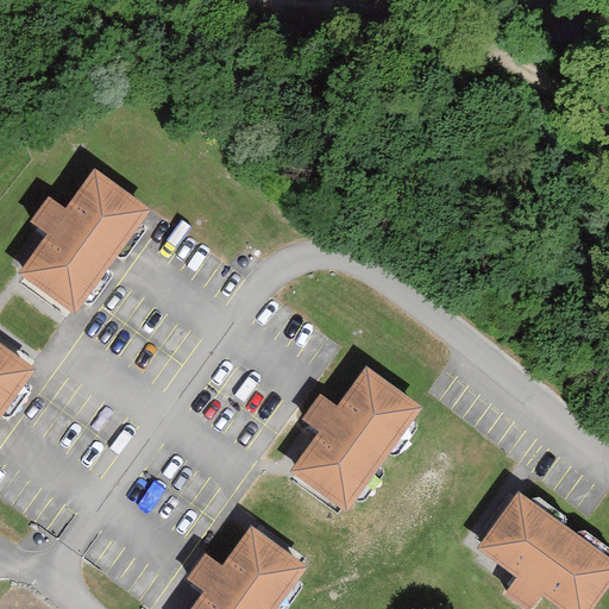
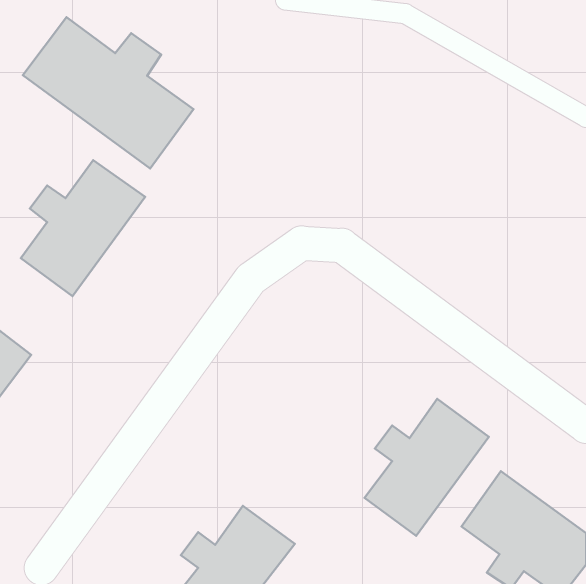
building: none -> [23,17,194,169]
building: [291,368,420,509] -> [365,399,489,536]

